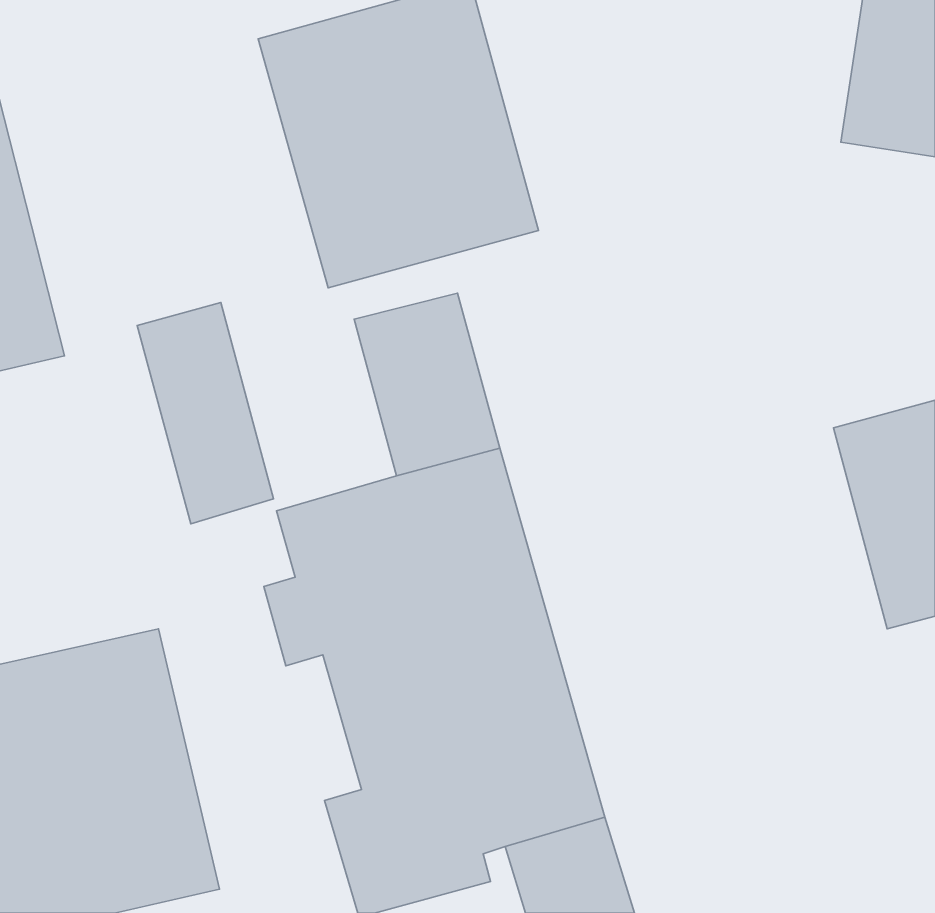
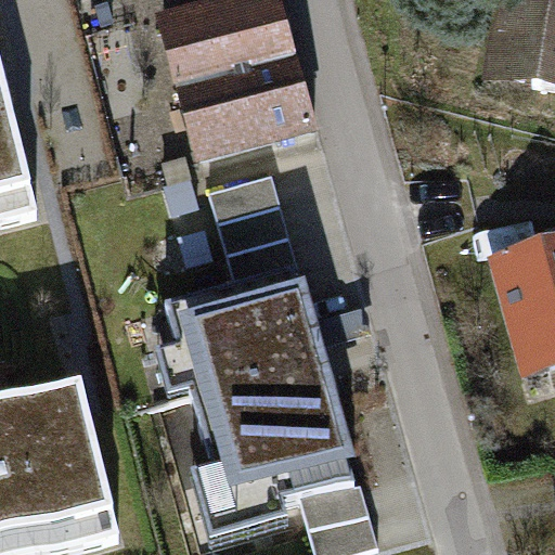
building: [137,303,273,524] -> none

